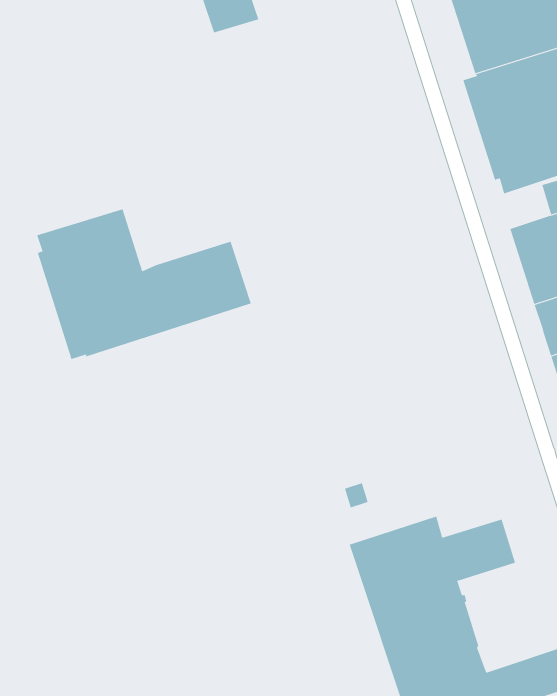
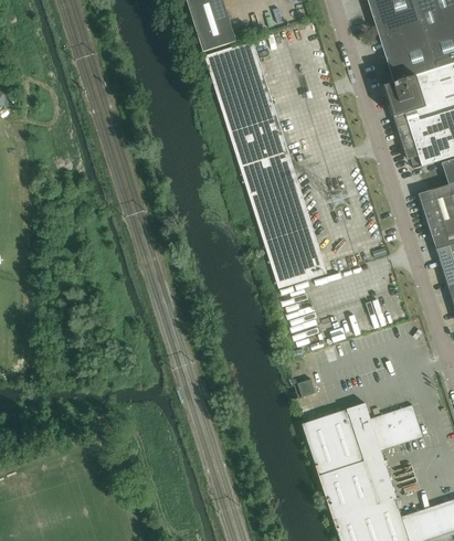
building: none -> [204,40,327,287]
building: [36,209,251,360] -> none

